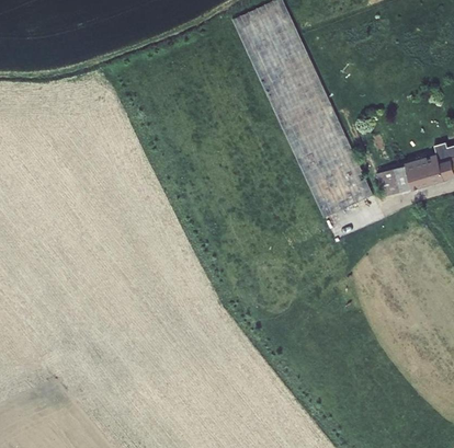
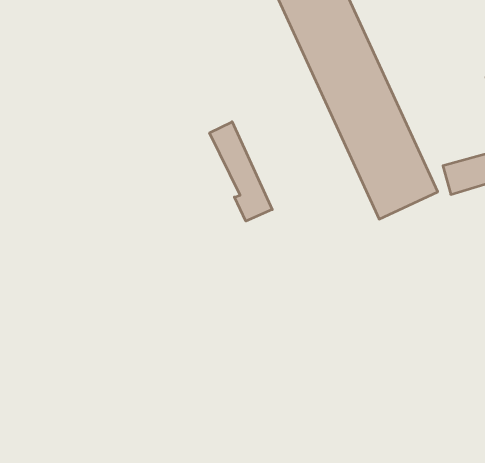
building: none -> [210,122,272,221]

